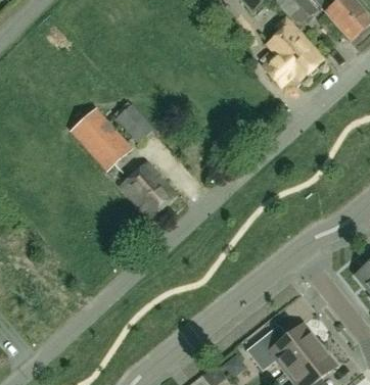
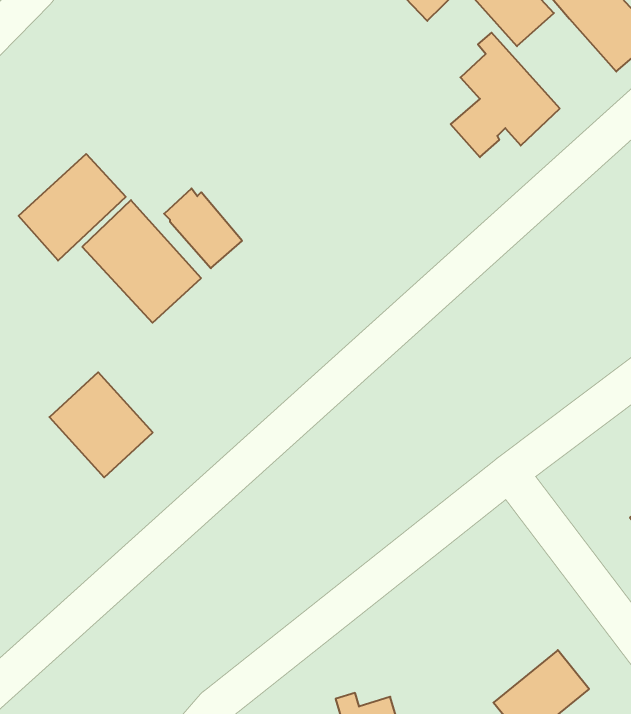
building: none -> [19,154,126,261]
building: [122,161,176,216] -> [49,372,153,477]
building: [247,322,320,370] -> none

